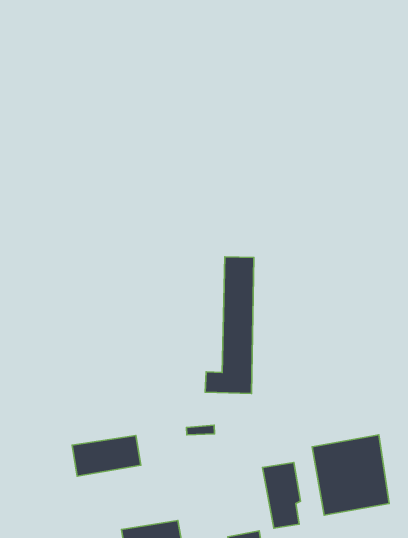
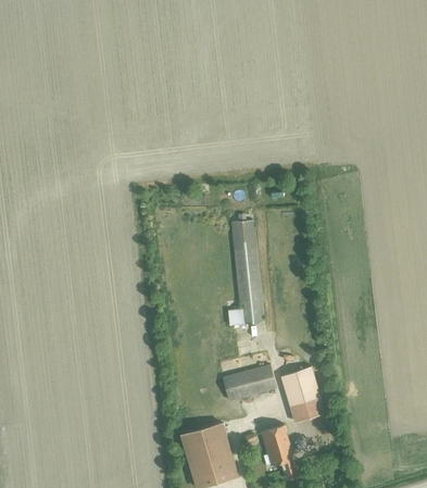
building: [312,435,389,515] -> none
building: [72,436,141,476] -> [223,364,276,400]

